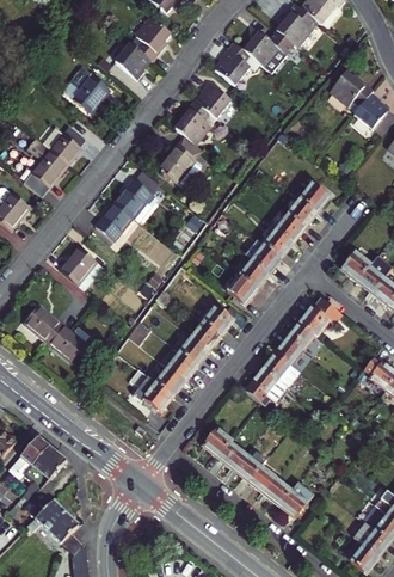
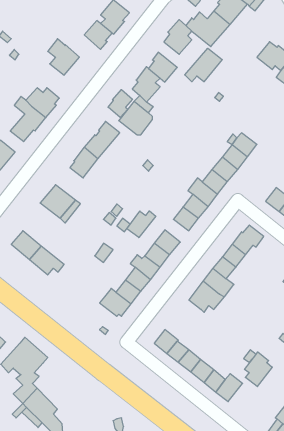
building: none -> [185,48,222,82]
building: none -> [108,90,132,117]
building: none -> [127,211,156,238]
building: none -> [245,352,272,387]

